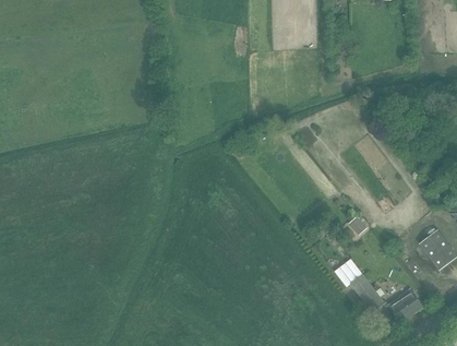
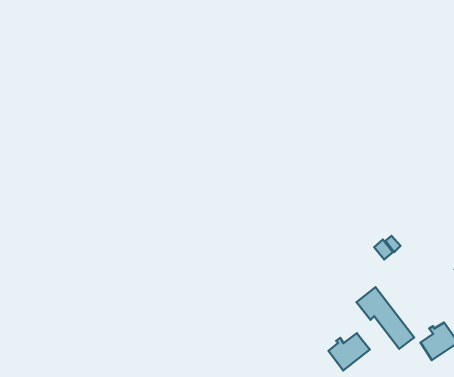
building: none -> [328,333,370,370]

